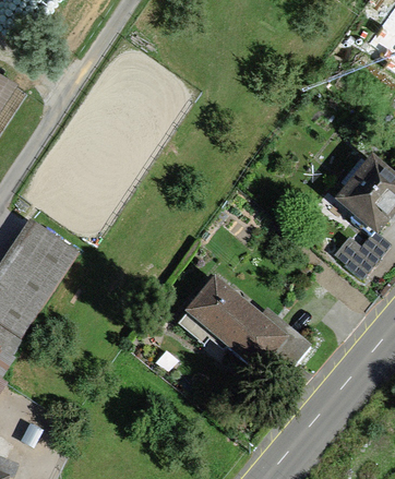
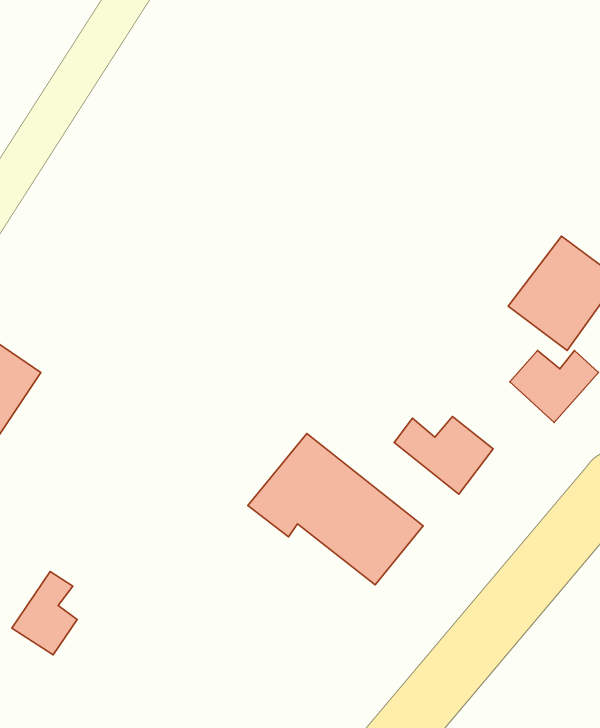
building: none -> [394,417,493,494]
building: none -> [12,572,77,655]

